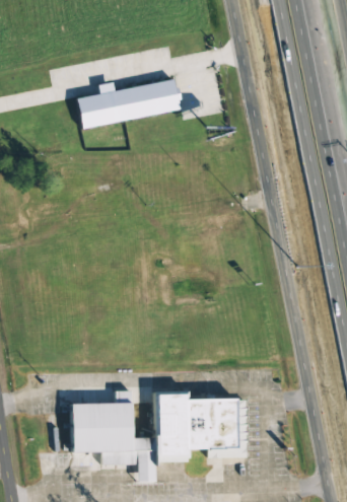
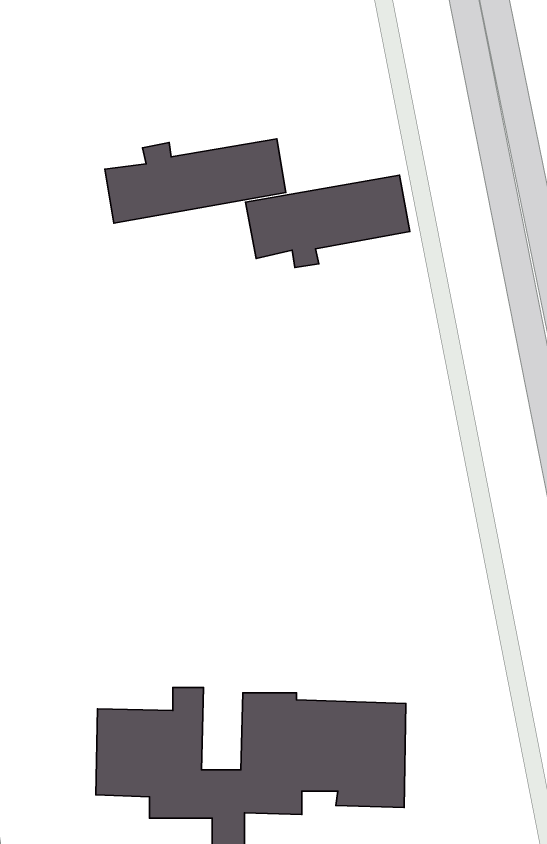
building: none -> [246,175,410,267]

